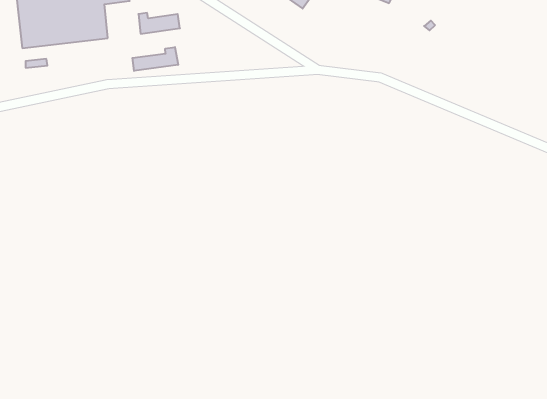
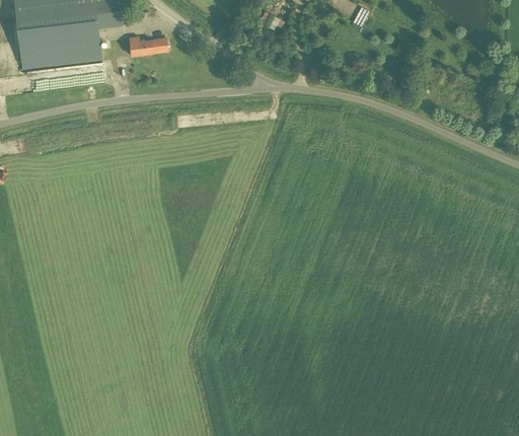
building: [132,47,178,71] -> none

